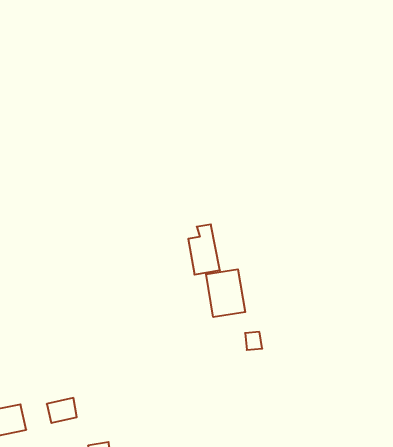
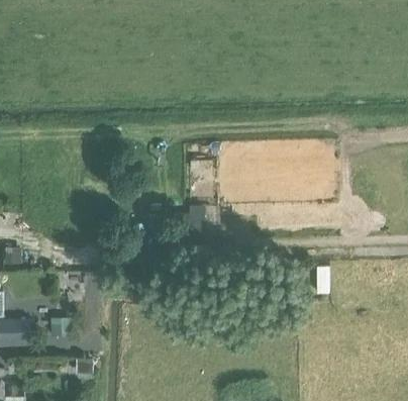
building: [206,269,245,317] -> none

